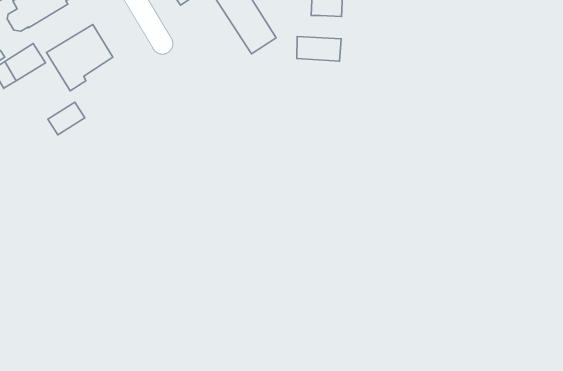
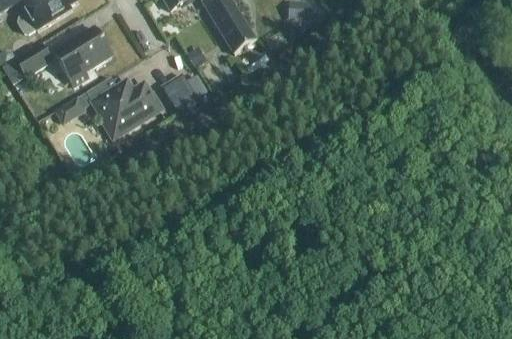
building: [297,37,341,61] -> none
building: none -> [161,73,194,107]
building: none -> [92,79,158,137]

